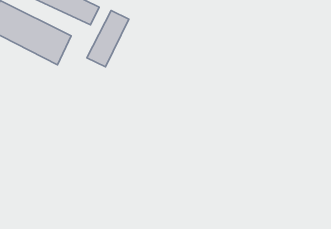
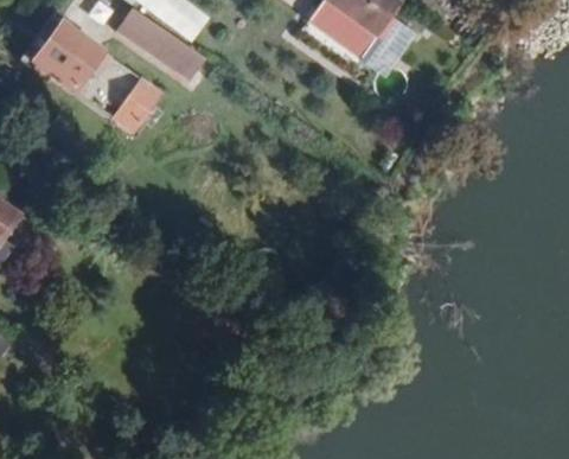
building: [87,10,129,67] -> none

